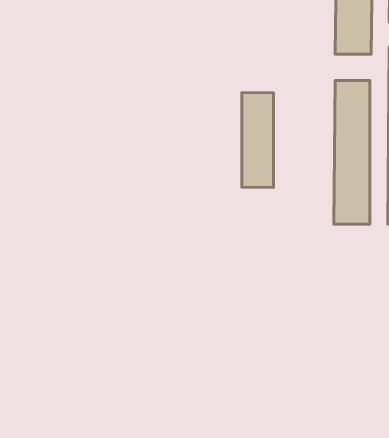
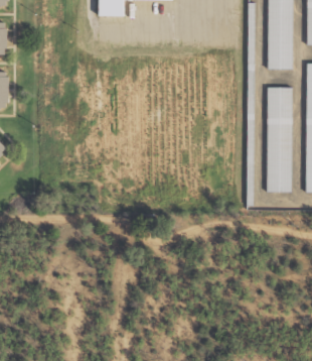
building: [242,93,274,187] -> none

